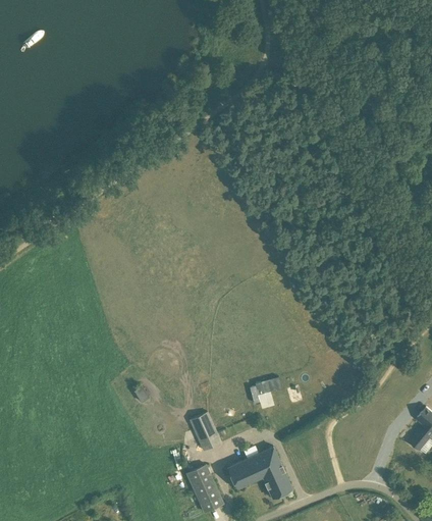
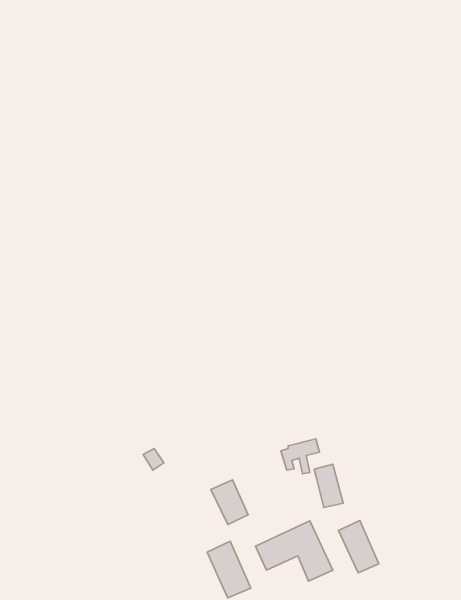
building: none -> [314,464,343,507]
building: none -> [339,520,379,573]

